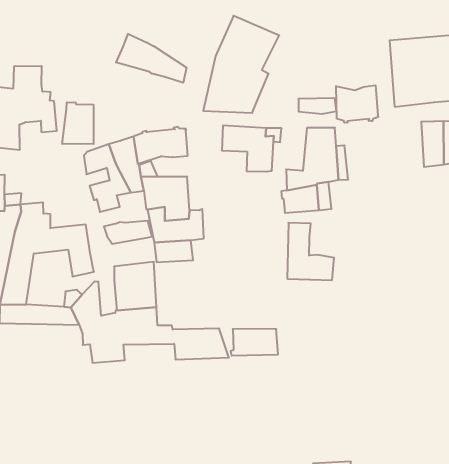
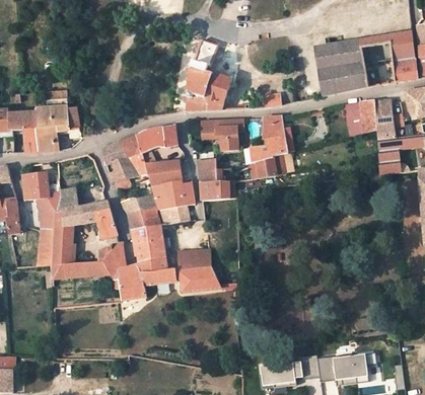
building: [116,34,186,83] -> none
building: [336,85,378,123] -> none
building: [62,102,94,144] -> none
building: [287,223,334,280] -> [199,158,234,200]
building: none -> [129,206,161,229]
building: [231,329,278,356] -> [178,248,212,270]

